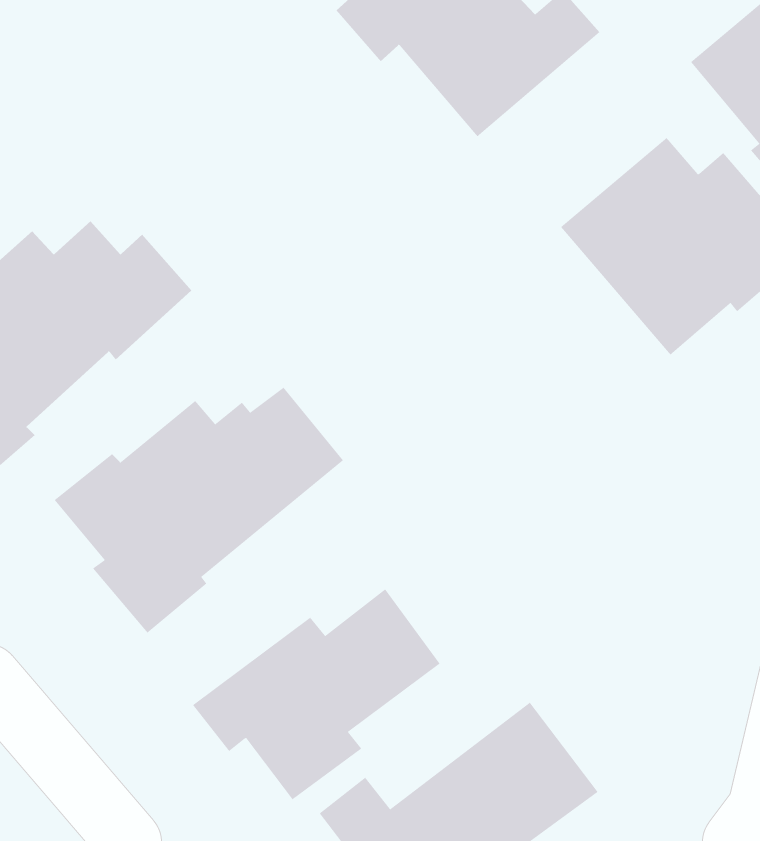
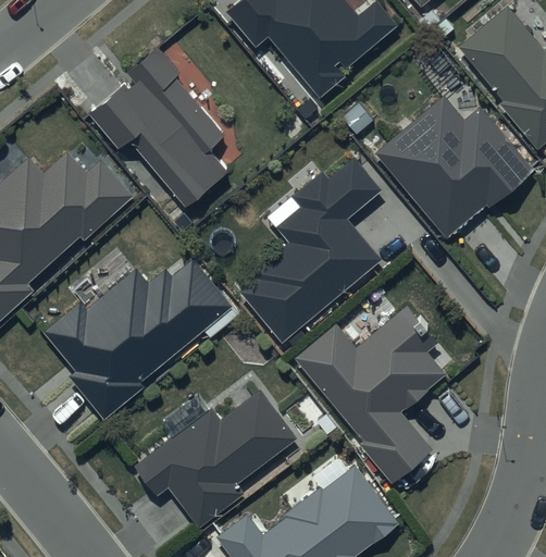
building: none -> [88,47,228,209]
building: none -> [235,158,382,343]
building: none -> [295,307,446,485]

